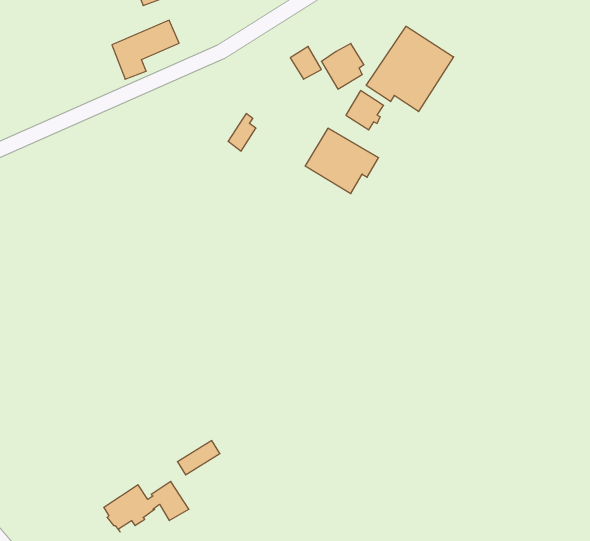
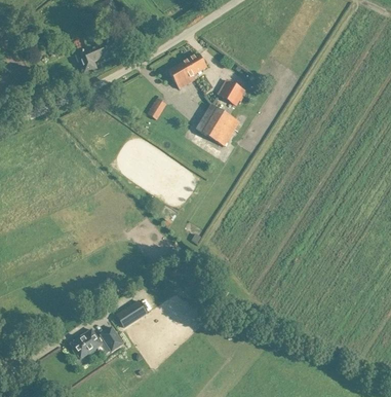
building: [366,26,454,112] -> none
building: [321,43,364,89] -> [168,61,195,89]

